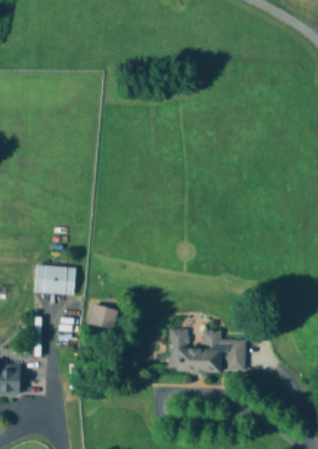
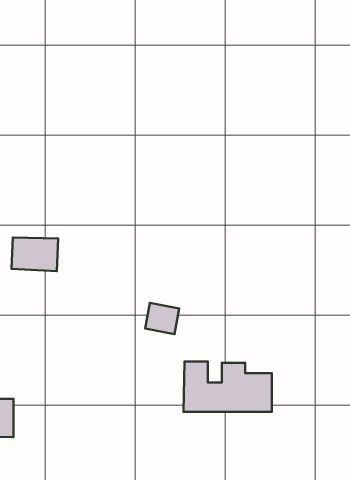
building: [35,265,76,295] -> [12,237,58,271]
building: [89,304,118,331] -> [145,303,179,334]

